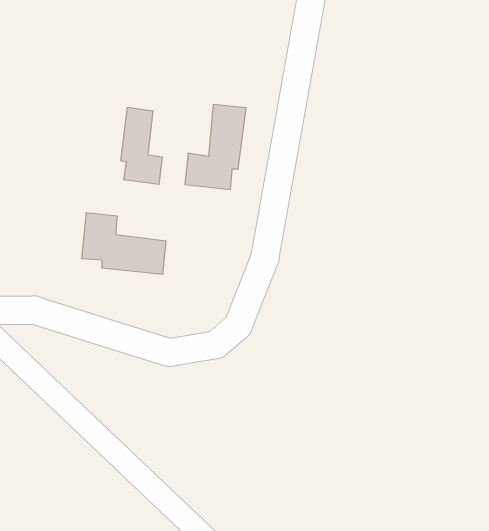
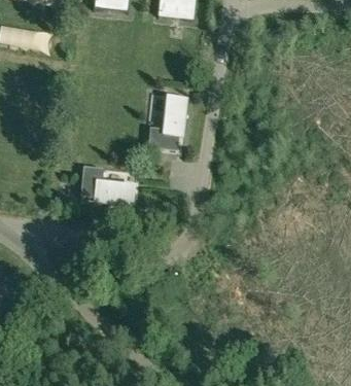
building: [121,107,162,184] -> none

